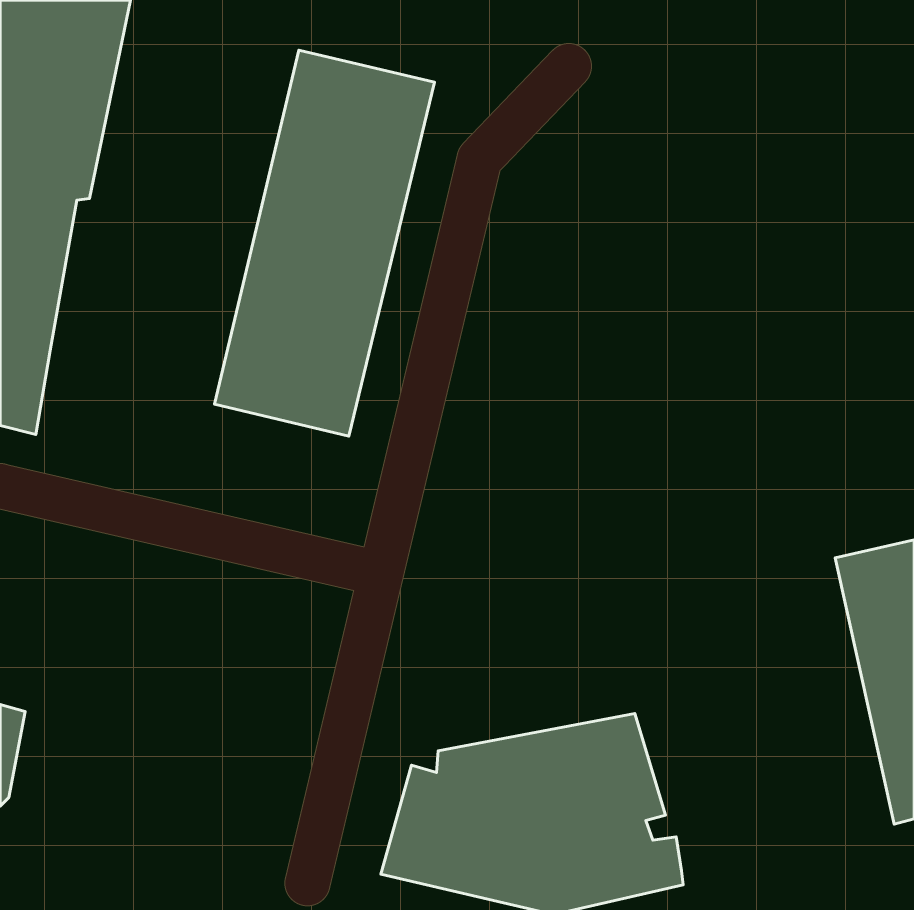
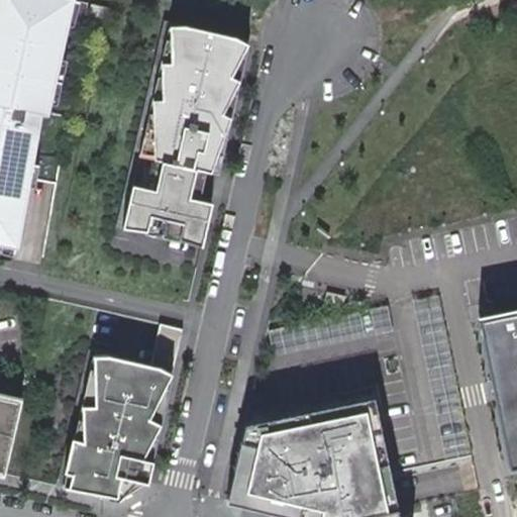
building: none -> [69,355,174,497]

